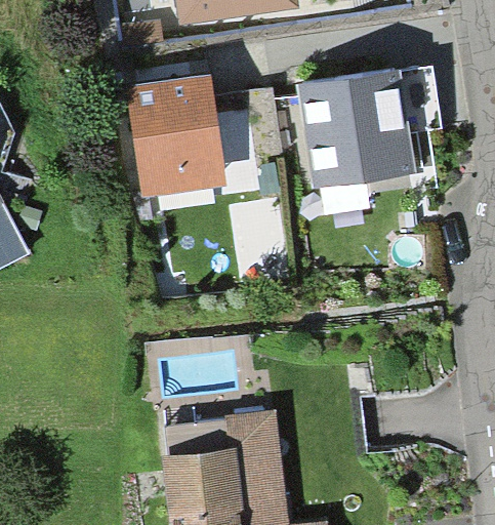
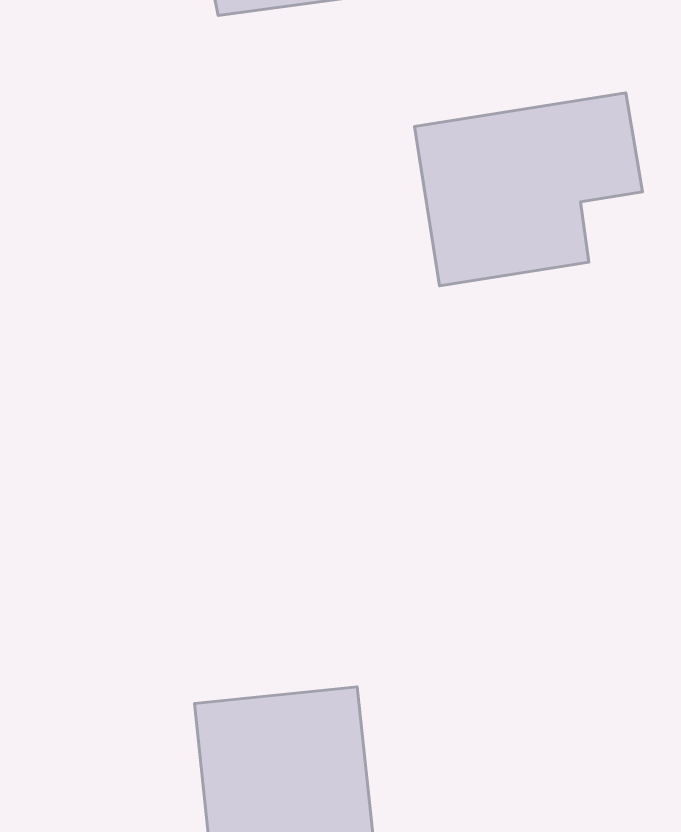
building: [124,81,218,179] -> none

